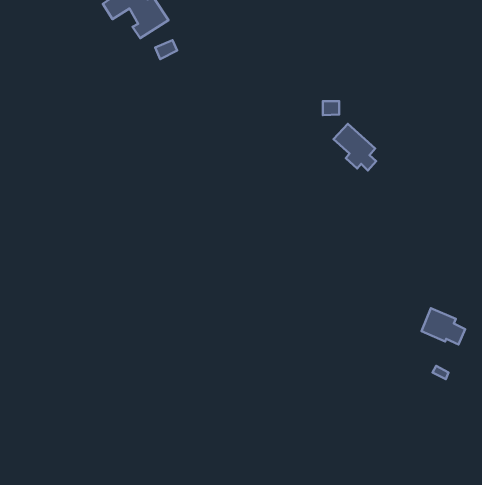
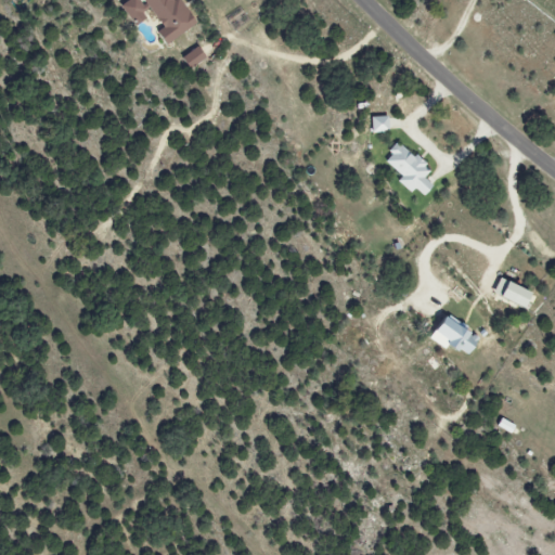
building: none -> [492,278,531,308]
building: [421,308,465,344] -> [428,312,478,353]

